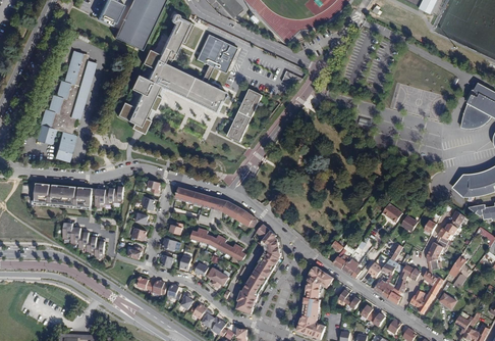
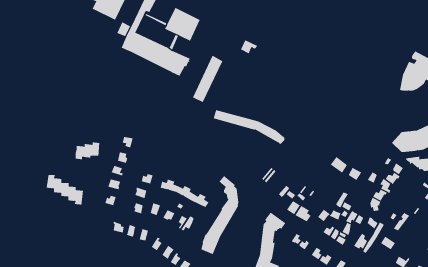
building: [37,50,96,161] -> none
building: [117,75,160,133] -> none
building: [41,185,91,207] -> none
building: [175,187,257,227] -> [213,109,285,145]

